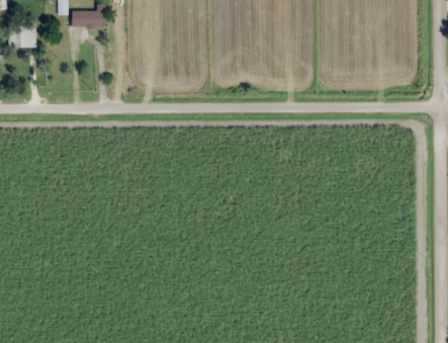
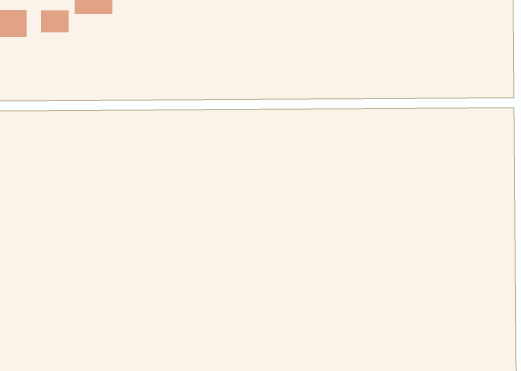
building: none -> [41,9,69,33]

